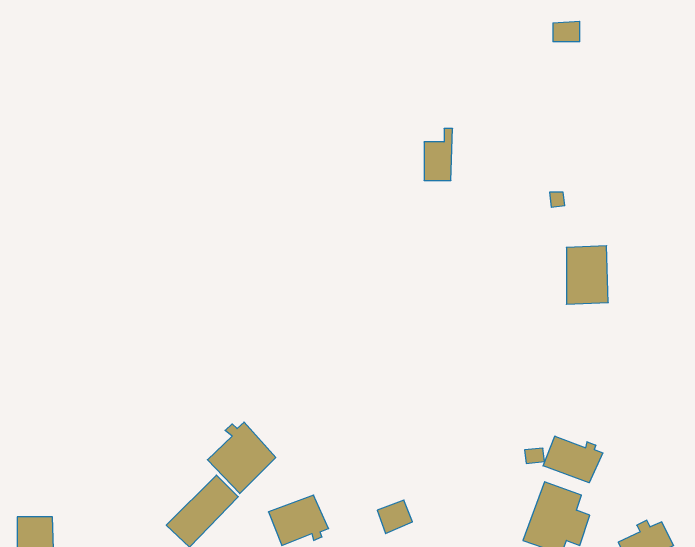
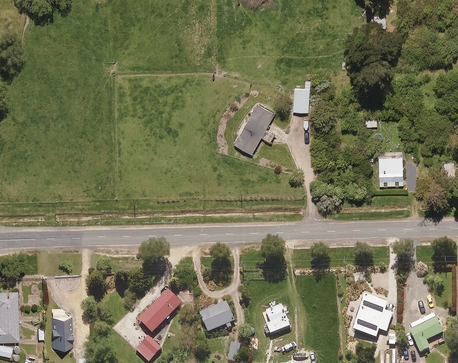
building: none -> [233,105,274,155]
building: [207,422,276,494] -> none
building: [543,436,603,483] -> none

